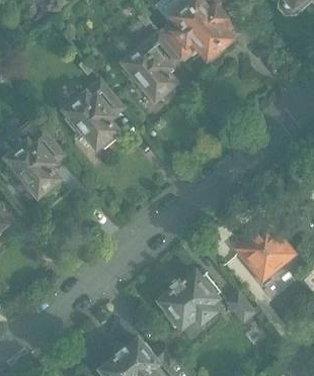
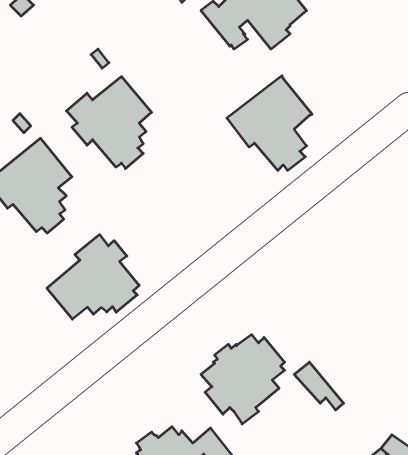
building: [115,29,178,99] -> [227,76,312,170]
building: none -> [47,235,139,319]
building: [234,217,292,278] -> none

